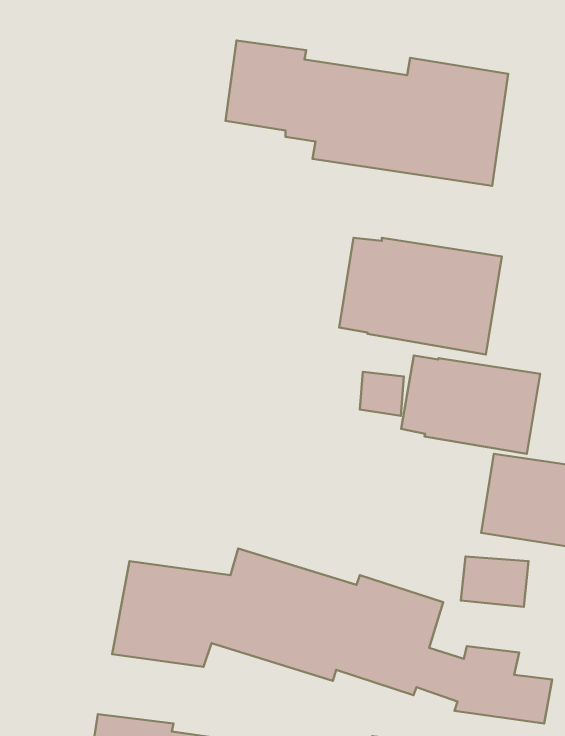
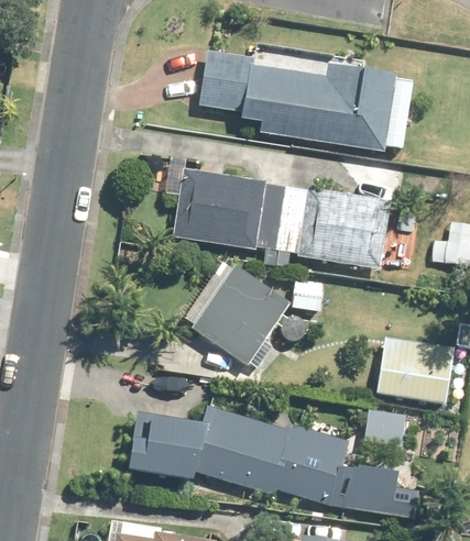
building: none -> [172,167,287,250]
building: none -> [187,262,289,369]
building: [401,355,540,454] -> none

